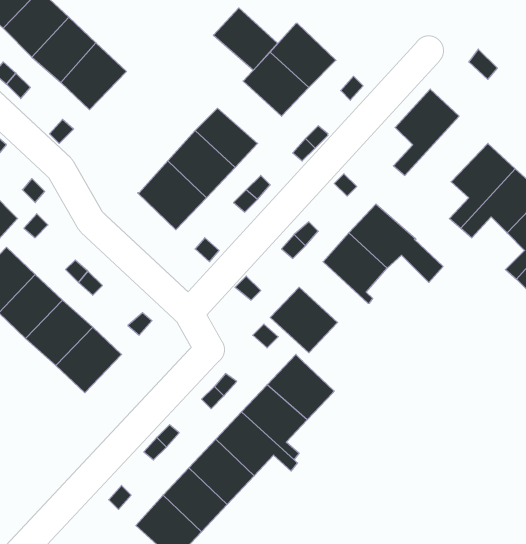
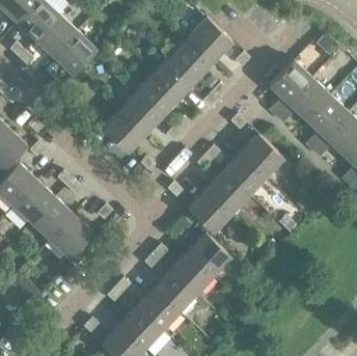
building: [213,8,277,70] -> [155,55,196,95]
building: none -> [276,78,330,122]
building: none -> [208,172,252,212]

